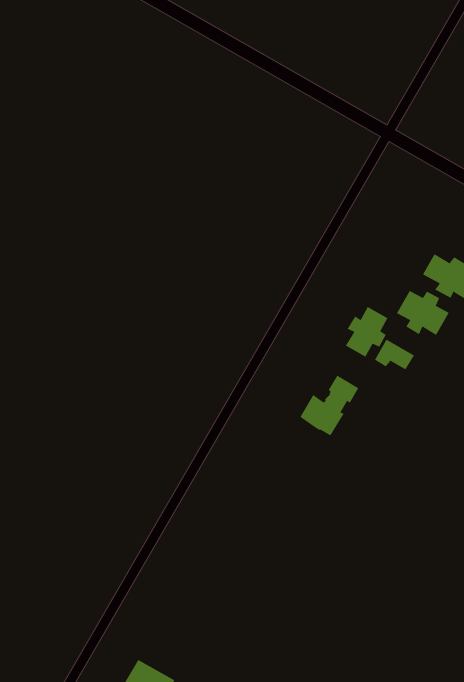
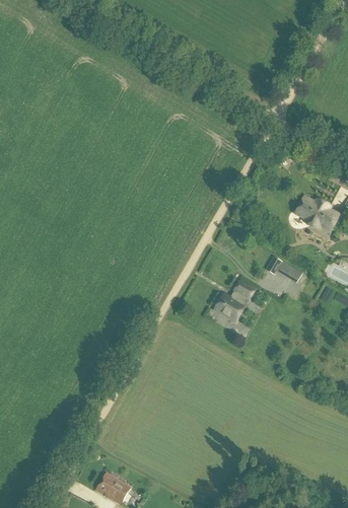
building: [396,290,450,336] -> none
building: [345,306,388,358] -> none

